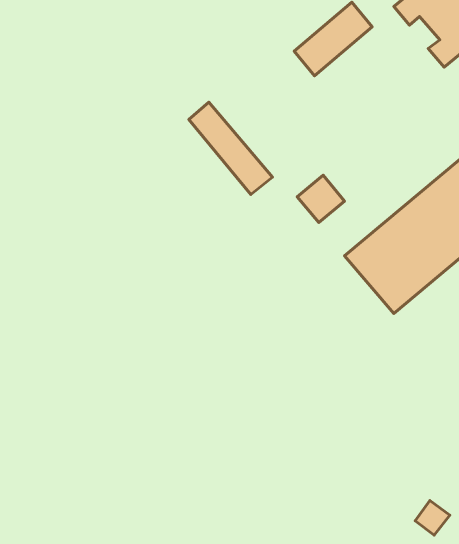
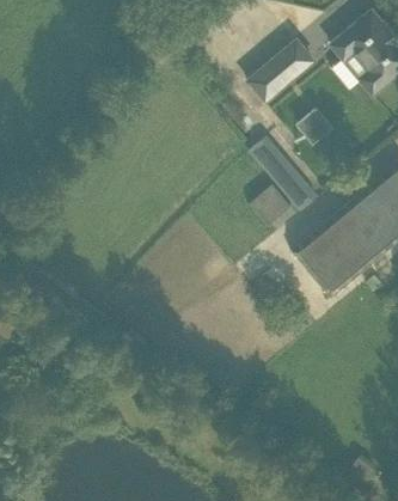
building: none -> [294,105,332,143]
building: [189,102,272,194] -> [247,133,317,209]

